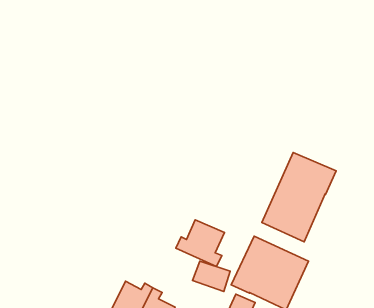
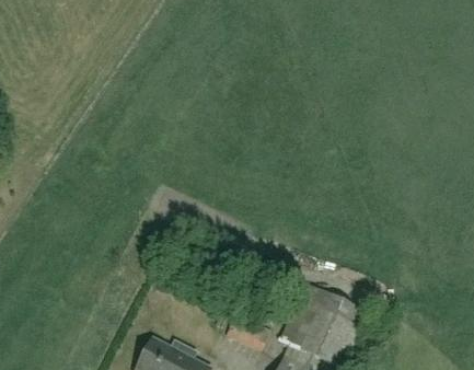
building: [262,153,336,242] -> none
building: [176,220,224,267] -> none

